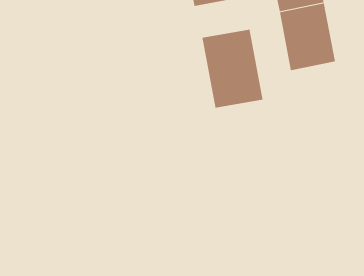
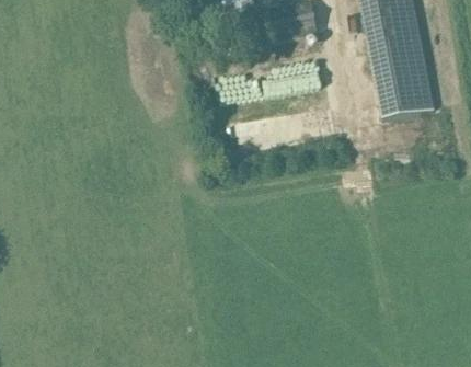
building: [202,29,263,109] -> none

